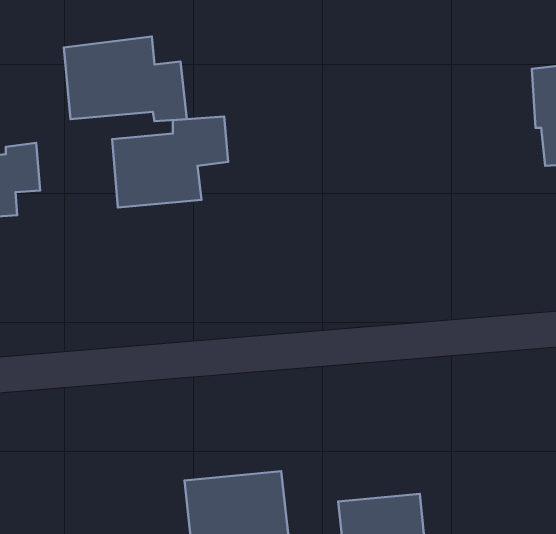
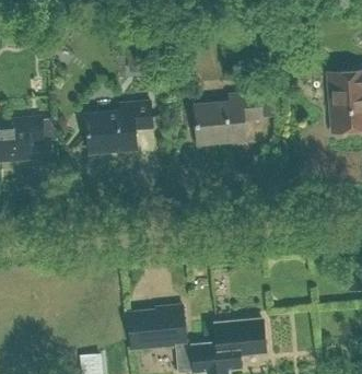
building: [64,37,187,121] -> none
building: none -> [195,92,272,144]

